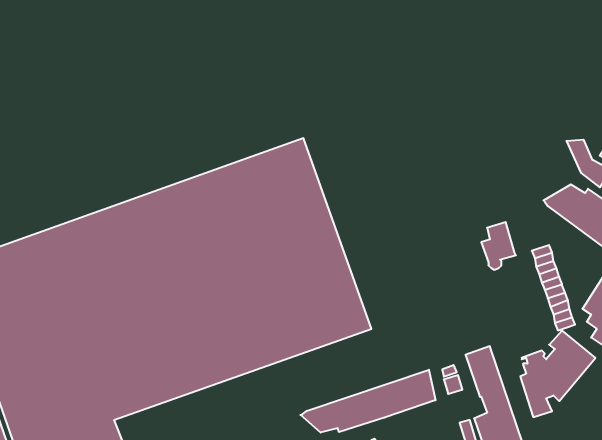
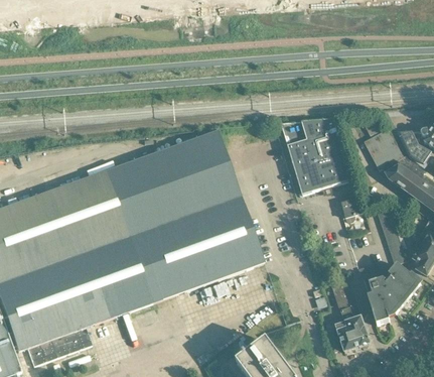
building: none -> [281,120,350,195]
building: none -> [364,128,403,170]
building: [300,370,436,433] -> none

